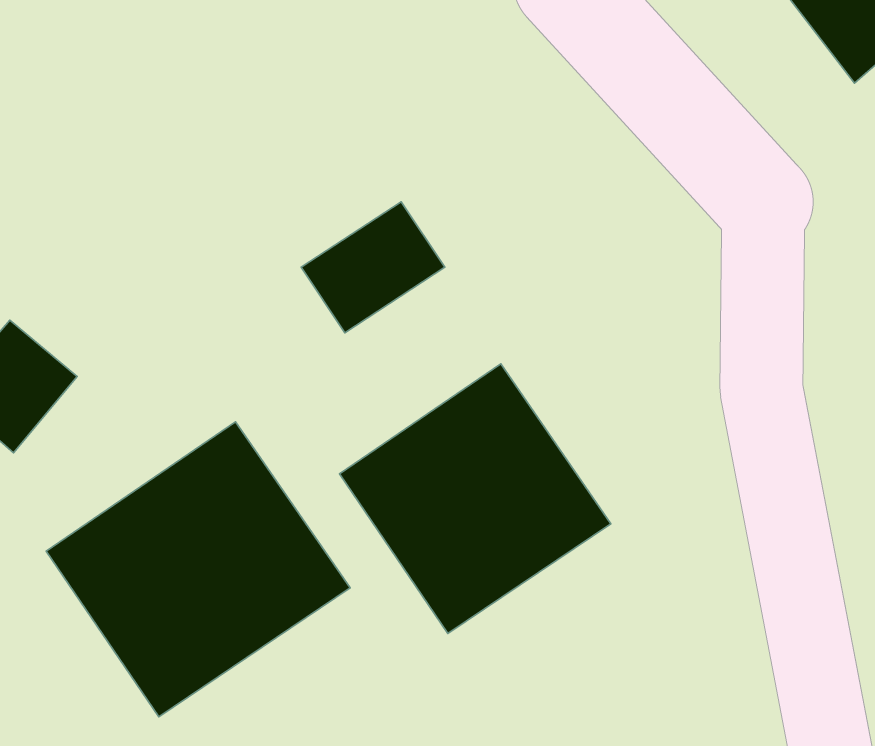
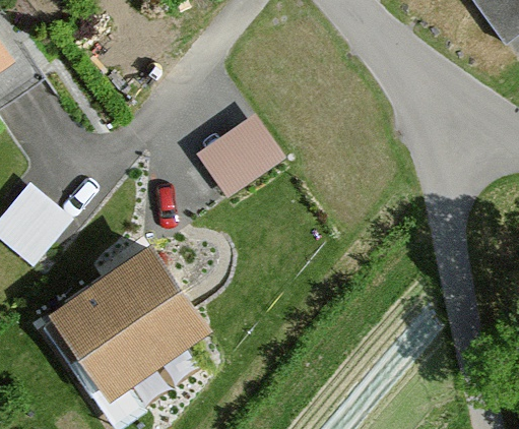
building: [339,364,611,633] -> none

